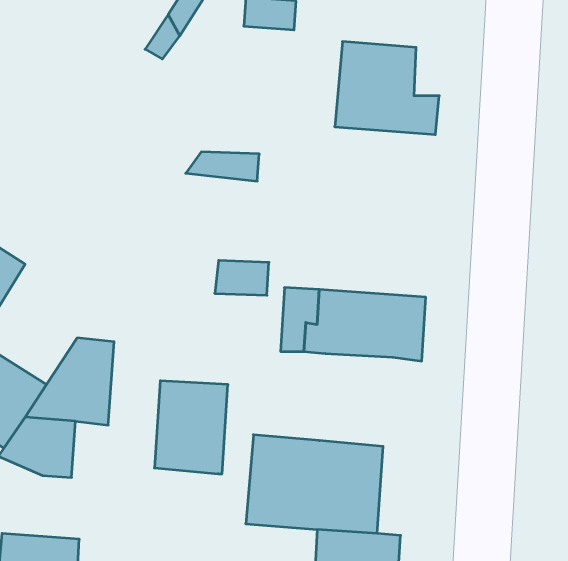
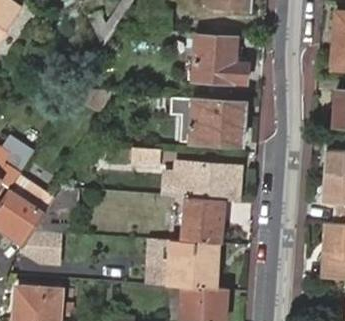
building: none -> [170,96,244,145]
building: [154,381,228,474] -> [185,196,223,244]

